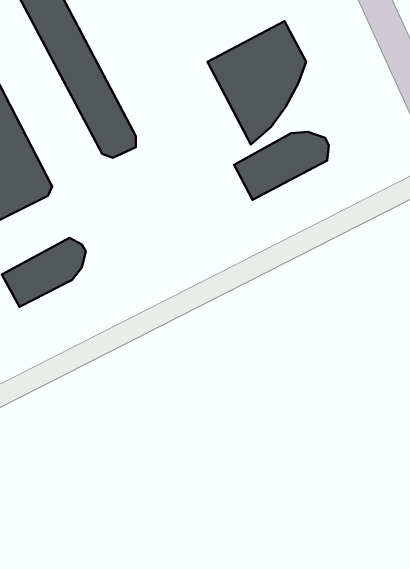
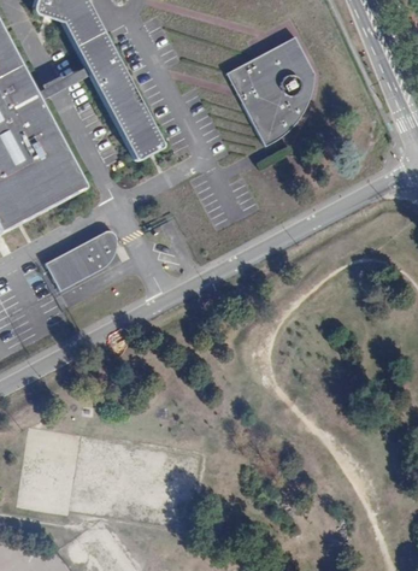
building: [234,132,329,200] -> none

